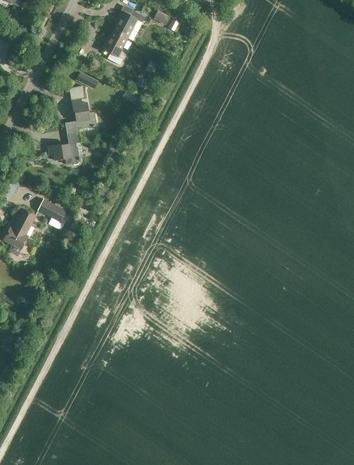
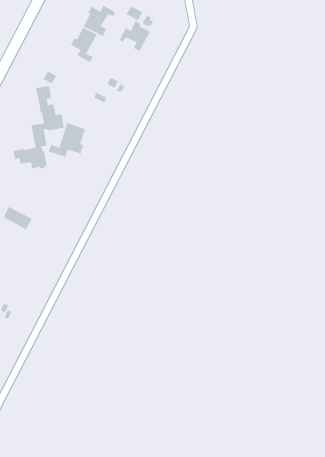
building: none -> [119,21,151,52]
building: none -> [48,122,86,158]

